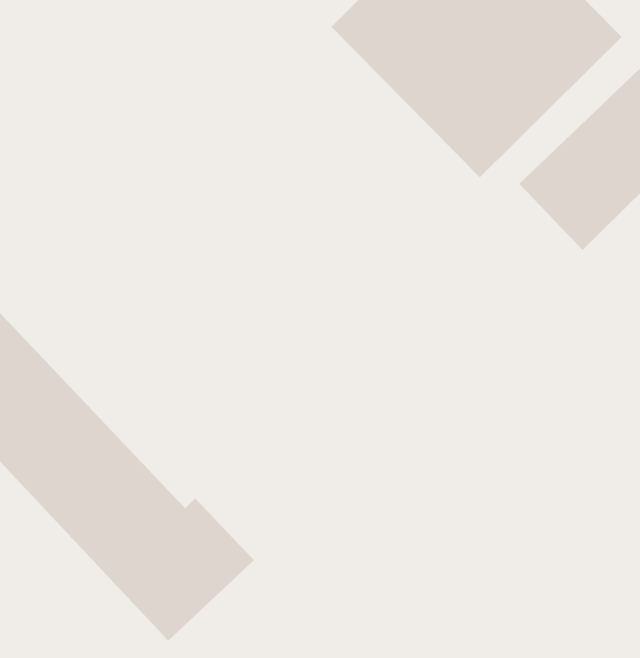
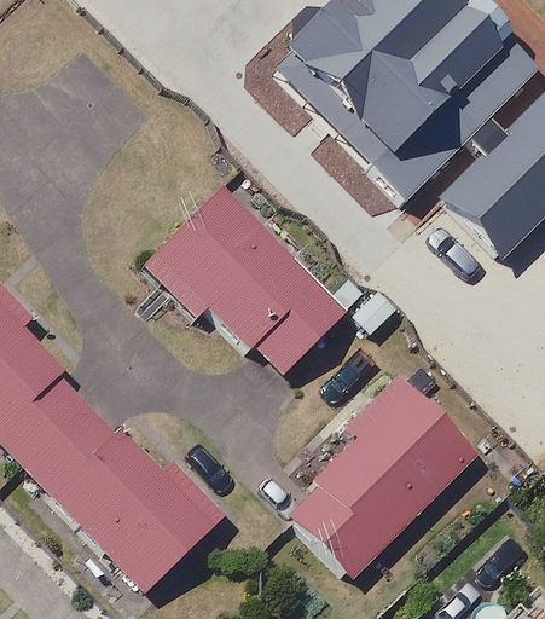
building: none -> [157,192,340,372]
building: none -> [288,383,470,575]

